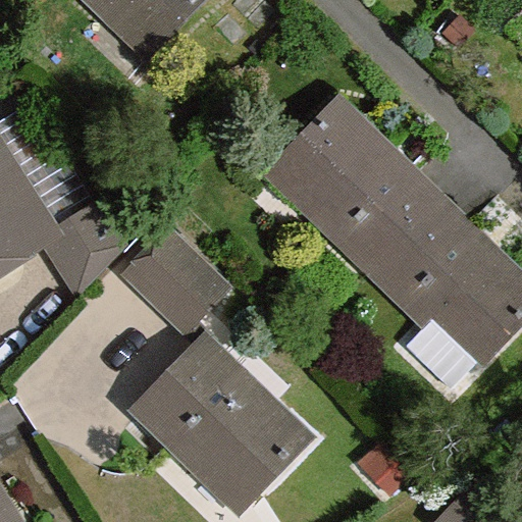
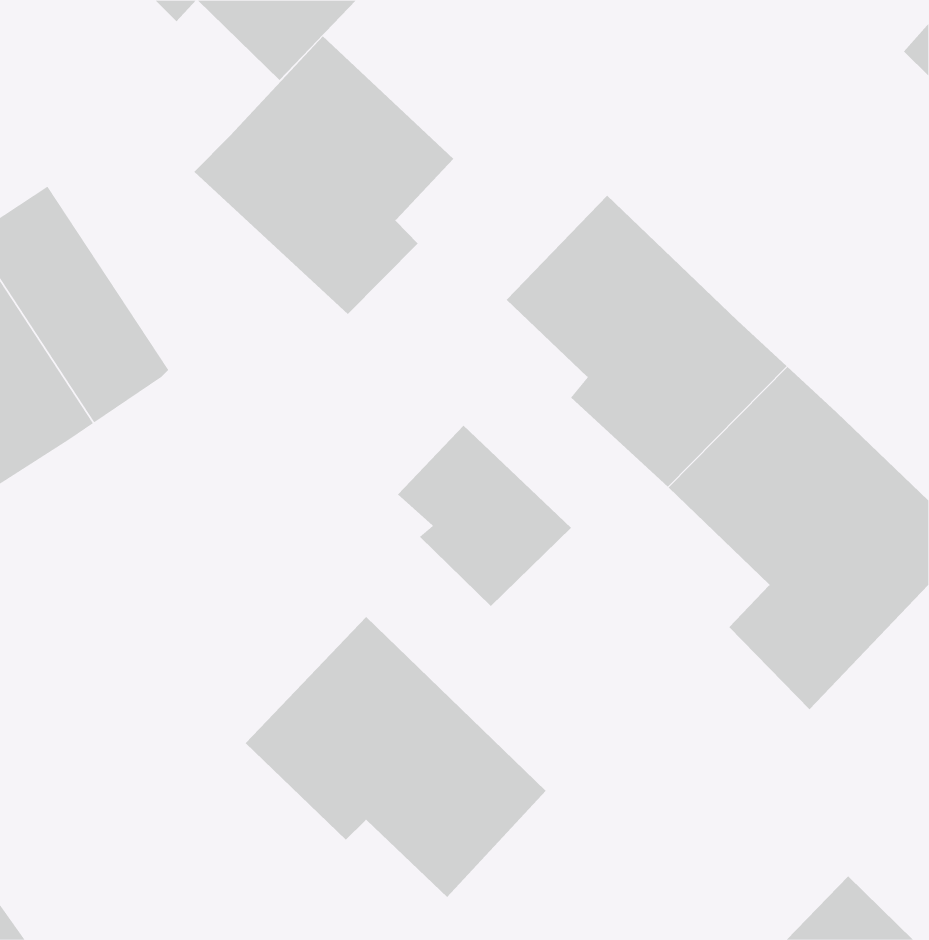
building: none -> [194,36,454,315]
building: [39,209,122,295] -> none
building: [129,231,226,332] -> [397,425,572,607]

